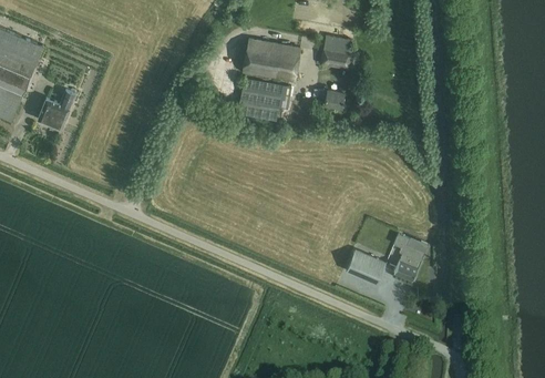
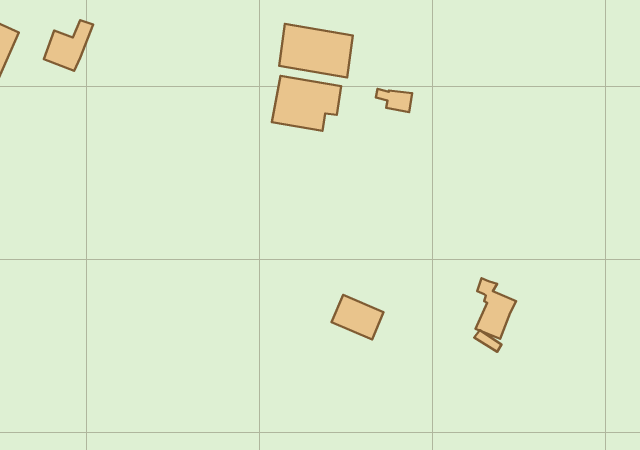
building: [320,35,357,69] -> none
building: [38,90,75,129] -> [44,20,93,71]
building: [346,249,385,284] -> [332,295,384,340]

